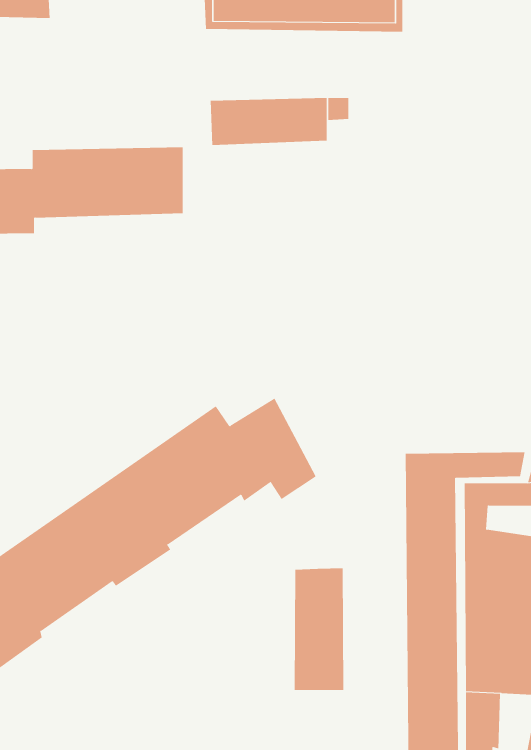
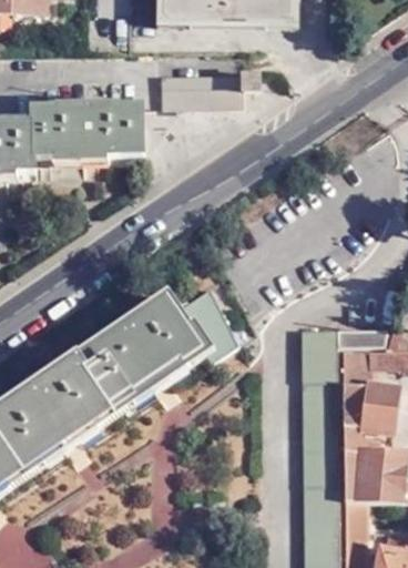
building: [294,567,344,691] -> none

